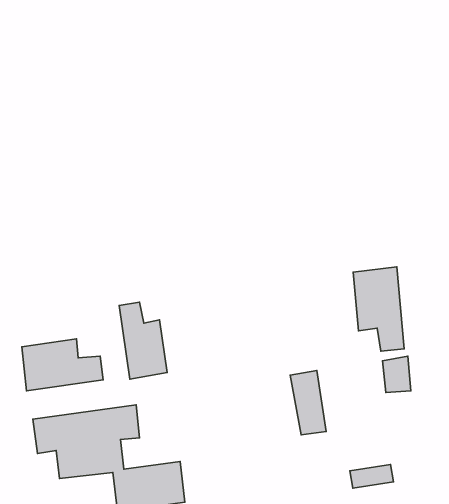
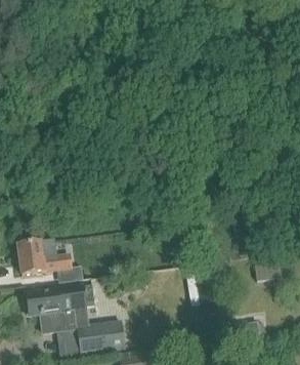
building: [353,267,404,351] -> none
building: [119,302,167,379] -> none

